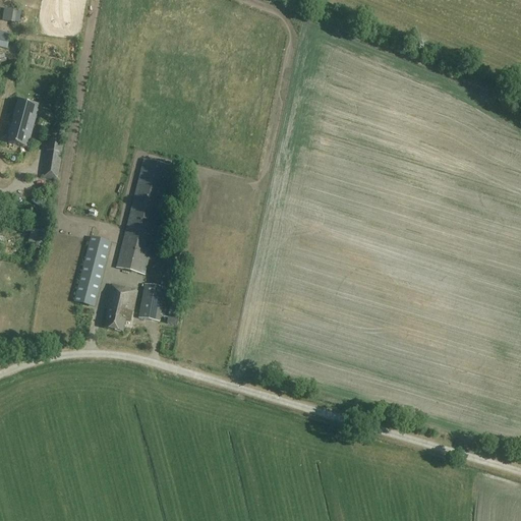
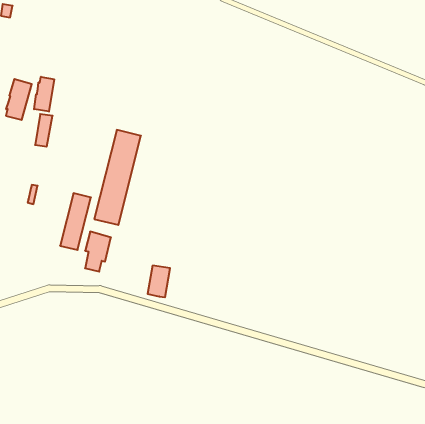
building: none -> [34,77,54,112]
building: [137,283,165,322] -> [148,266,170,297]

